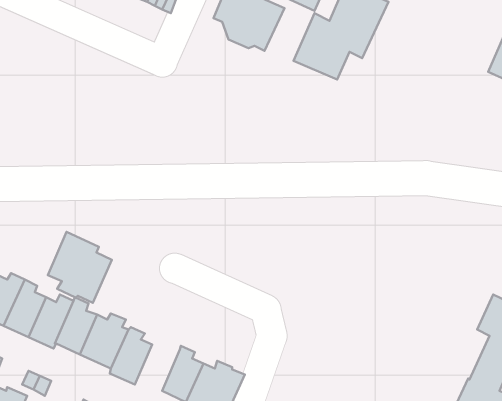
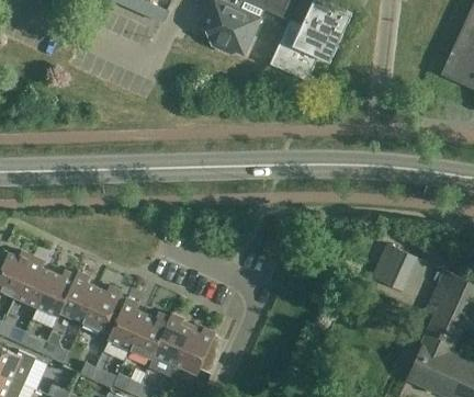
building: [48,232,112,303] -> none
building: none -> [372,243,429,292]
building: none -> [131,313,170,359]

